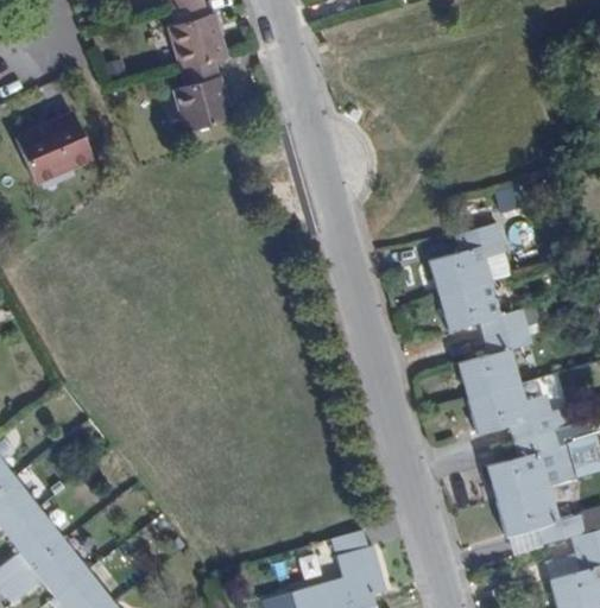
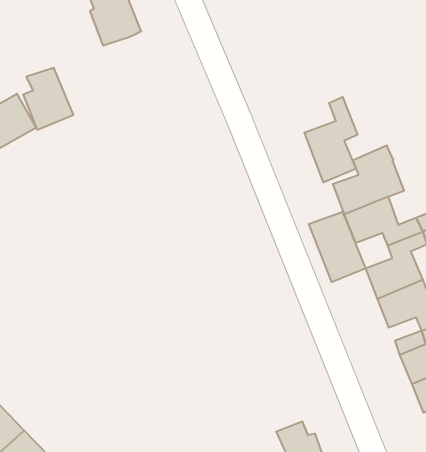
building: [173,63,229,133] -> [23,68,73,130]
building: none -> [304,97,358,183]
building: none -> [309,212,366,282]

